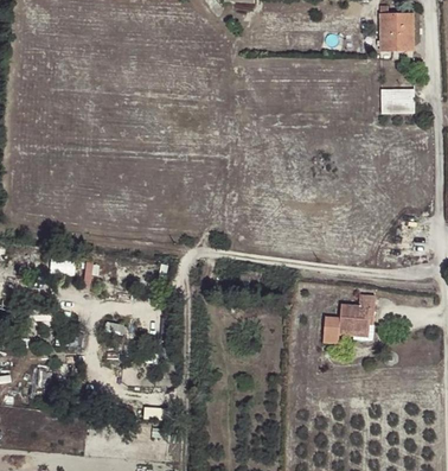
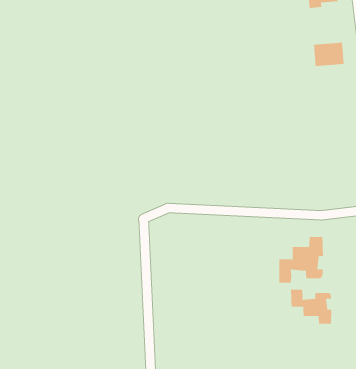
building: none -> [291,289,332,324]

